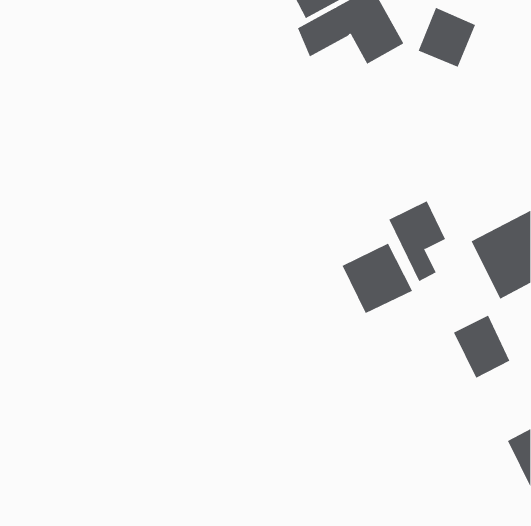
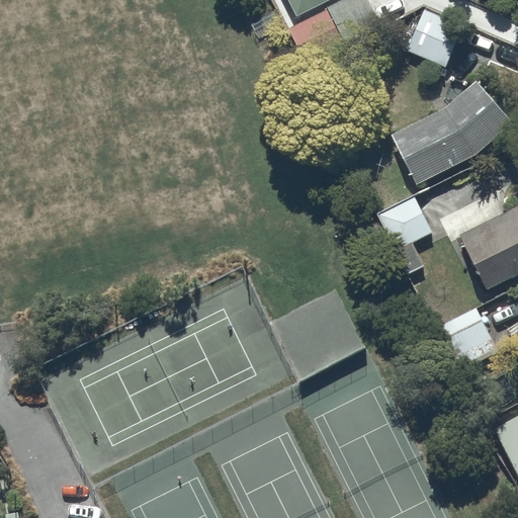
building: none -> [391,80,512,185]
building: [342,243,413,314] -> none

